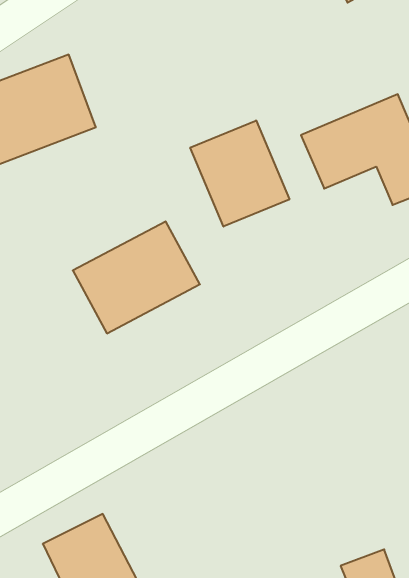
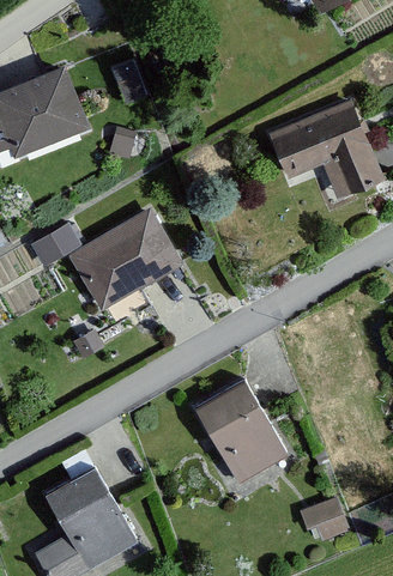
building: [190,120,289,227] -> none
building: none -> [36,218,85,257]
building: none -> [193,381,289,487]

